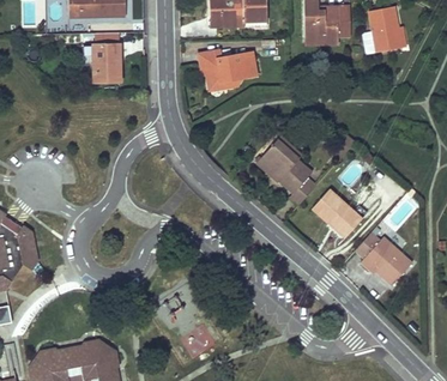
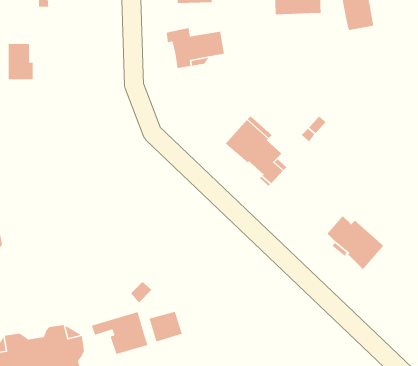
building: [93,46,119,81] -> [8,43,34,80]
building: [312,189,362,237] -> none
building: none -> [91,311,148,355]

